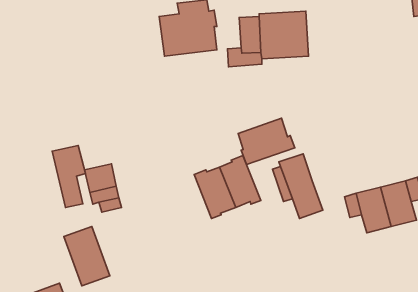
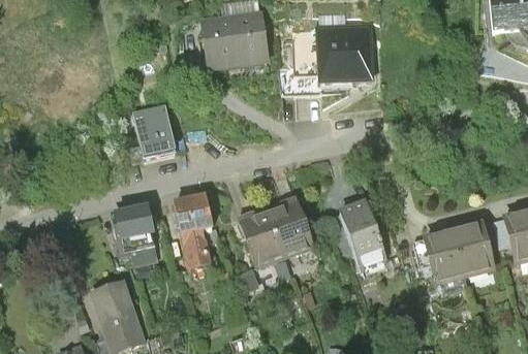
building: none -> [133,108,173,154]
building: [238,118,295,165] -> none
building: [52,146,85,208] -> [173,190,211,261]

